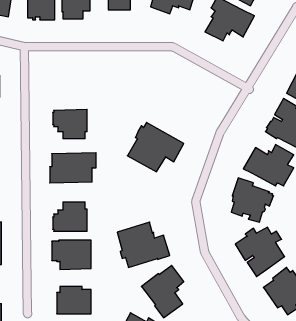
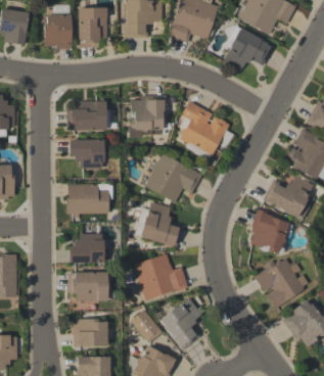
building: none -> [129,95,174,137]
building: none -> [180,100,234,155]
building: none -> [67,101,106,130]
building: none -> [140,201,183,247]
building: none -> [131,309,164,342]

